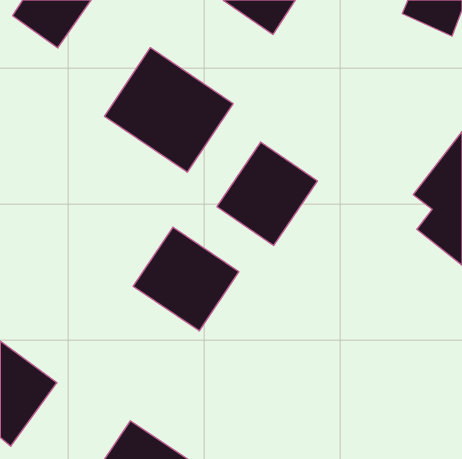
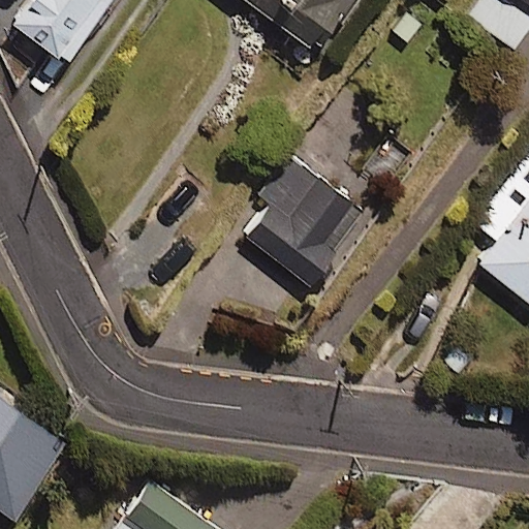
building: [104,48,233,172] -> none
building: [133,227,239,331] -> none

